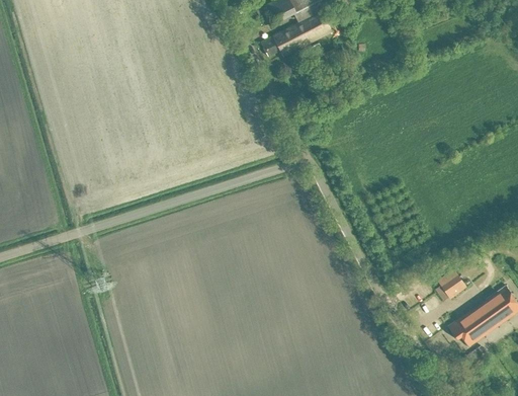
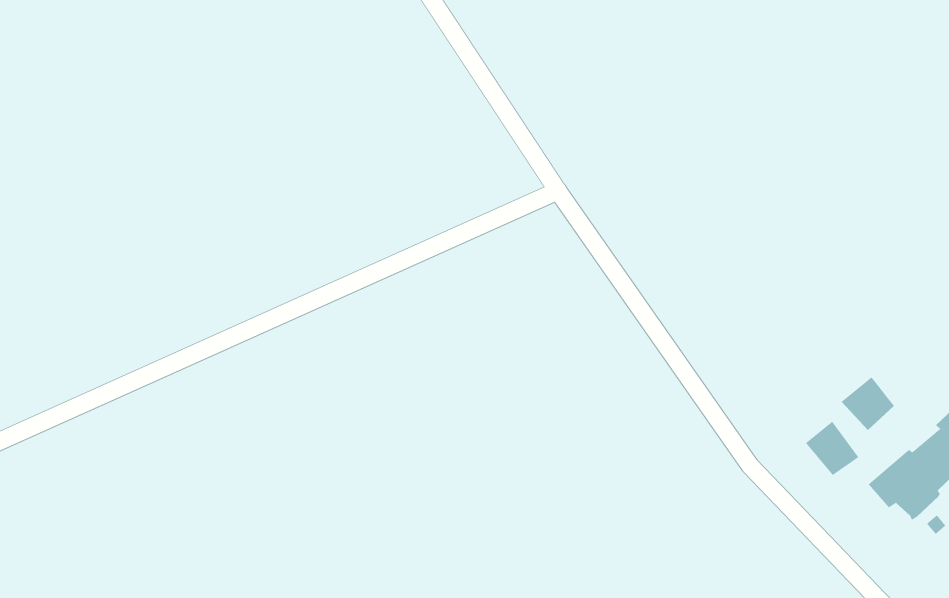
building: none -> [805,421,859,476]

